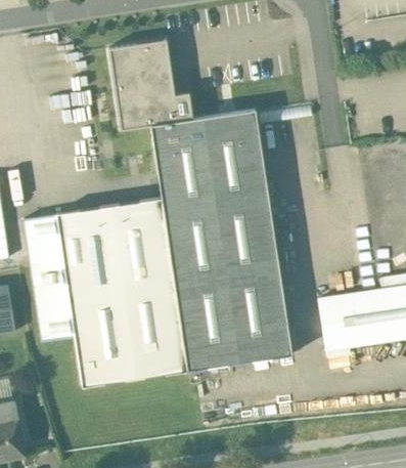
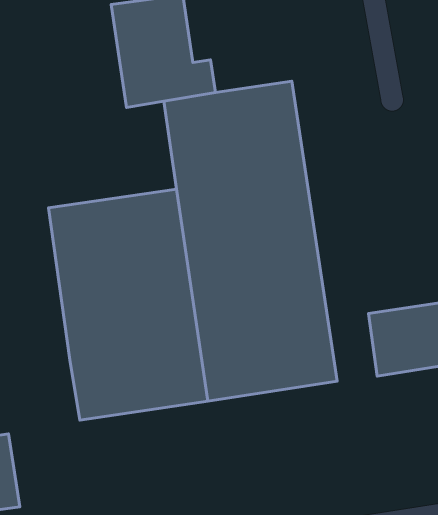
building: [24,213,74,342] -> none

